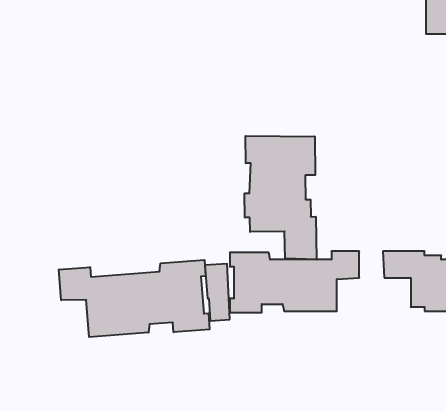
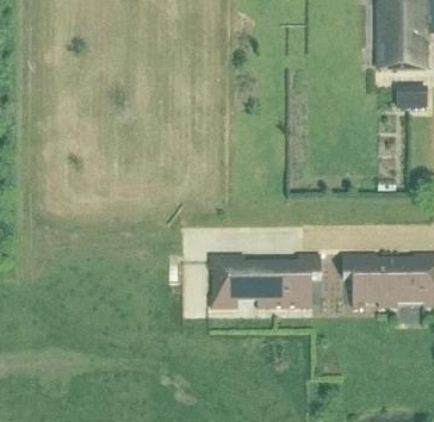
building: [245,136,316,260] -> none
building: [59,260,210,337] -> none

